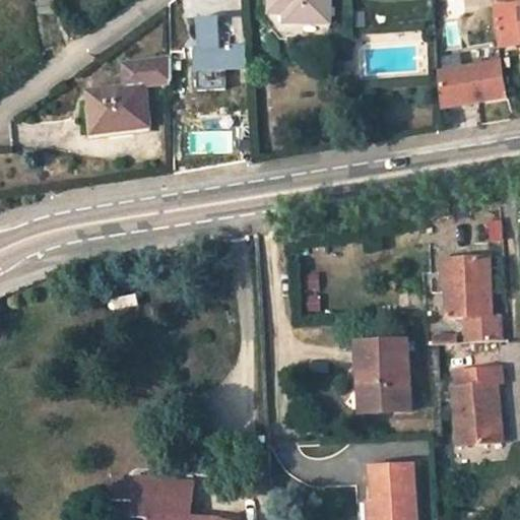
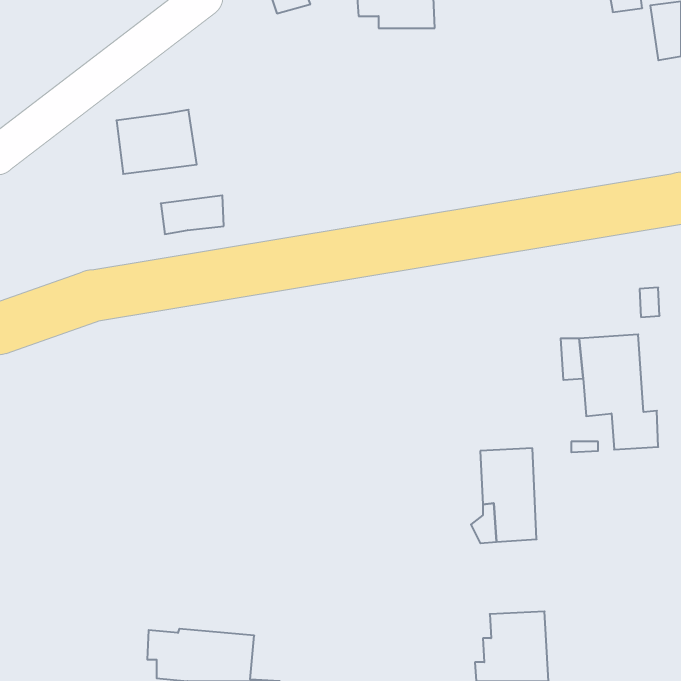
building: [195,14,246,88] -> none
building: [123,57,171,86] -> [161,195,224,234]
building: [440,60,507,107] -> none
building: [453,365,501,443] -> none

